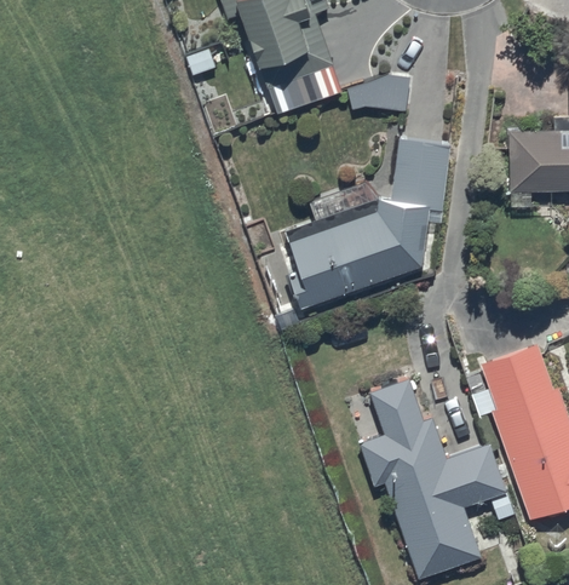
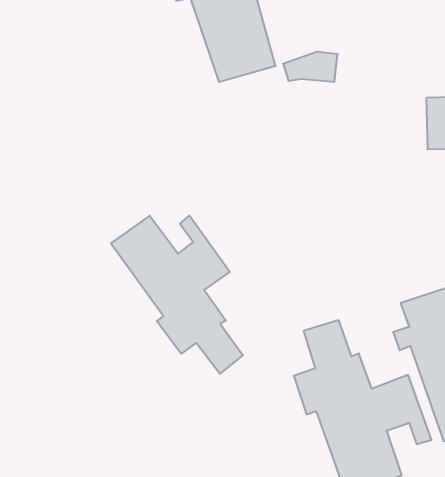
building: [286,138,452,309] -> none
building: none -> [111,216,243,374]

